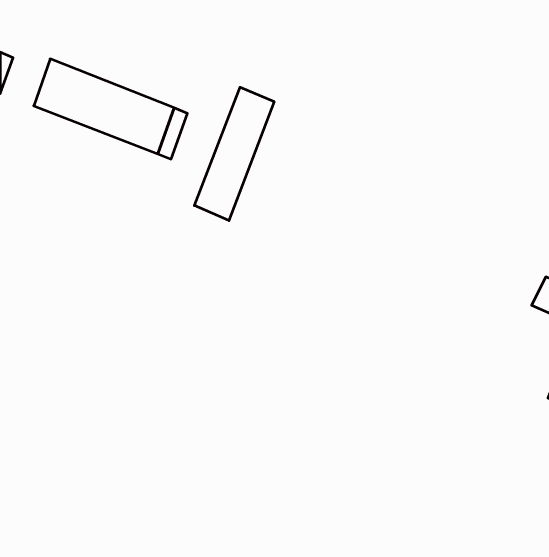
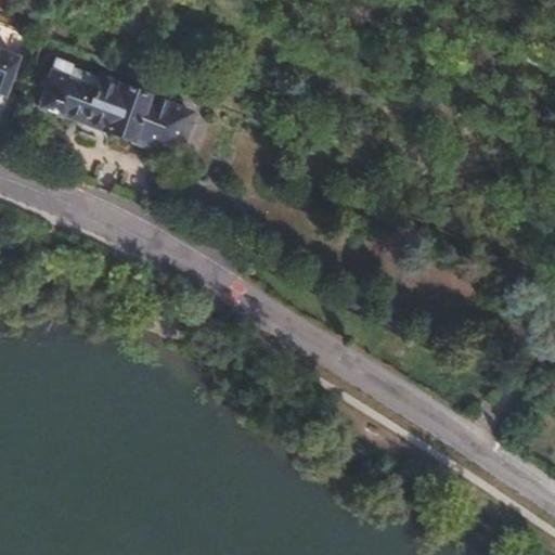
building: [194,87,274,221] -> none

